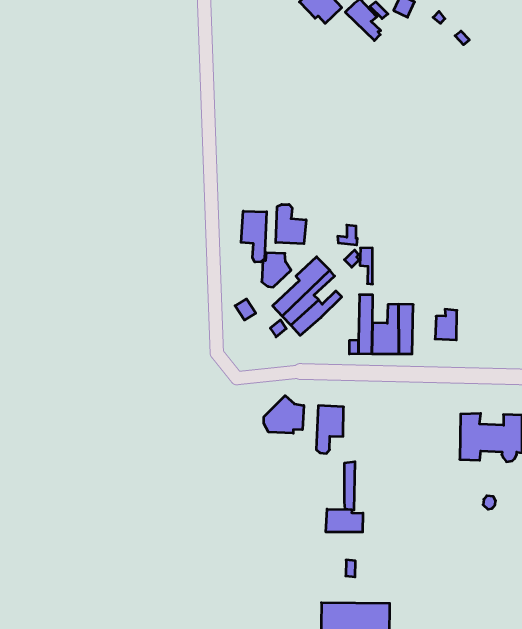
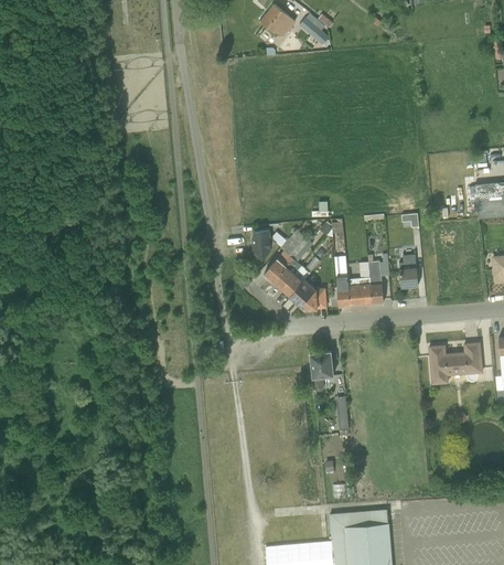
building: [276,204,306,244] -> none
building: [241,211,267,262] -> none
building: none -> [290,279,326,309]
building: [264,396,304,433] -> none
building: [326,509,363,532] -> none

